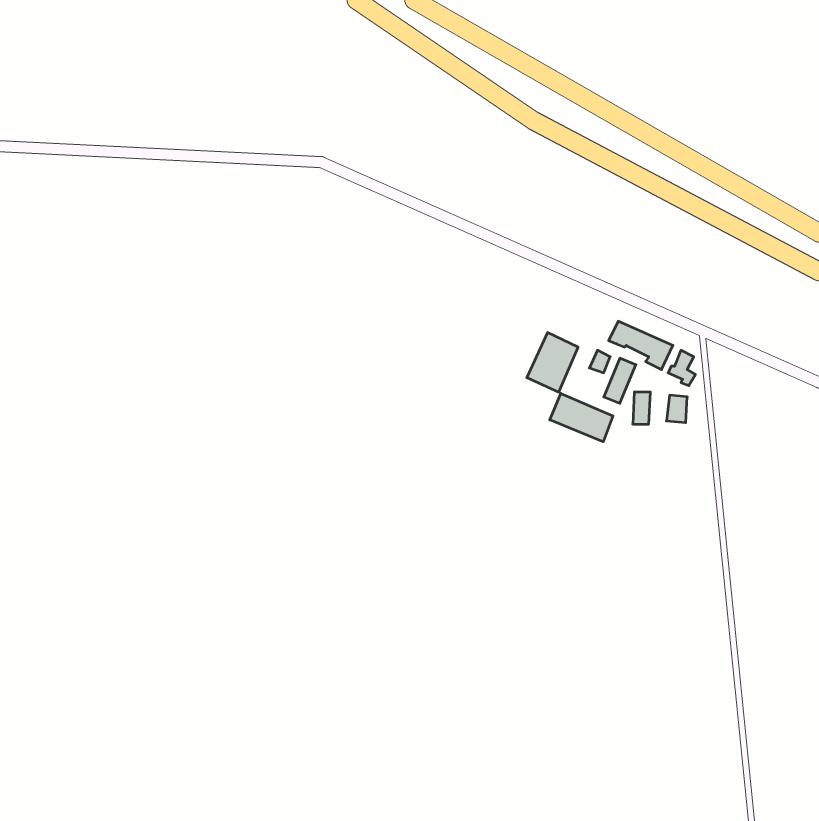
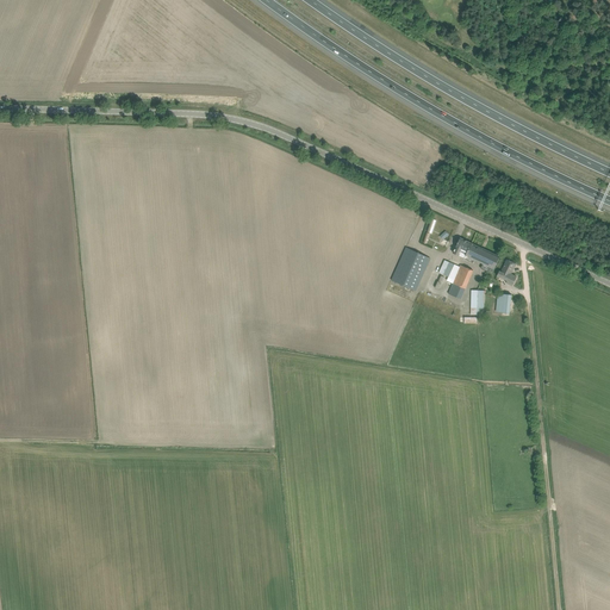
building: [550,393,613,442] -> none

